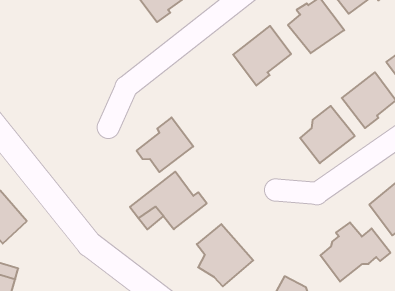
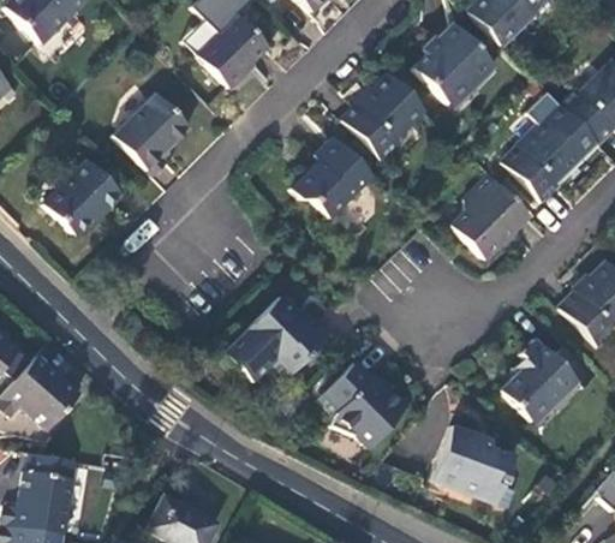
building: none -> [115,93,190,167]
building: none -> [44,160,124,235]
building: [137,117,193,172] -> [292,135,371,214]

